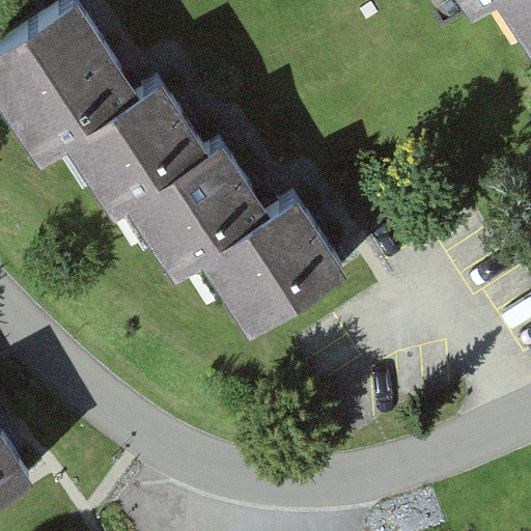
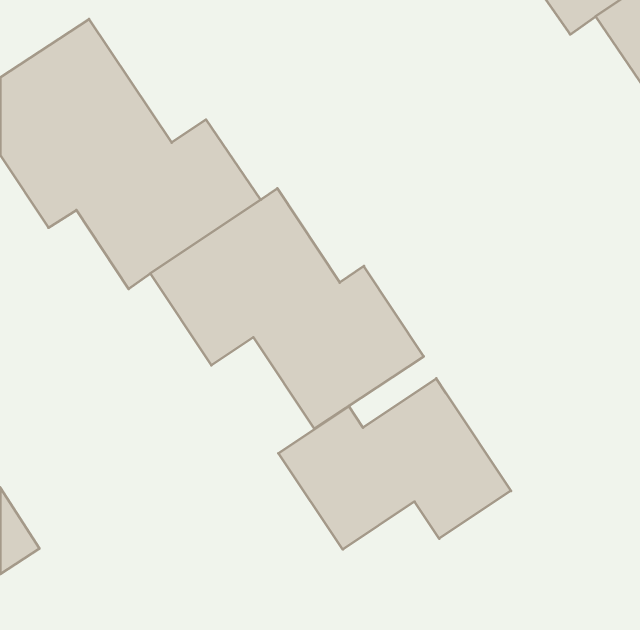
building: none -> [278,378,511,549]

